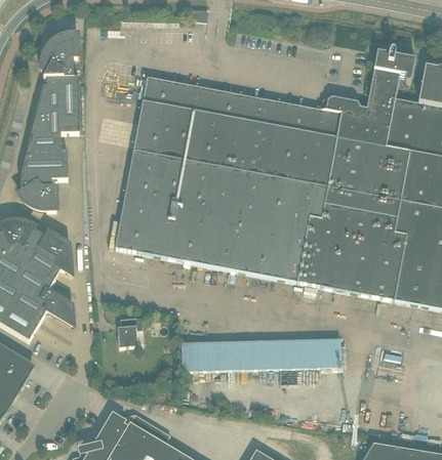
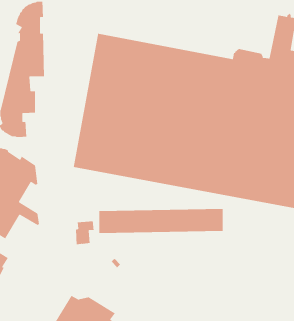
building: [182,337,341,370] -> [99,208,223,234]

